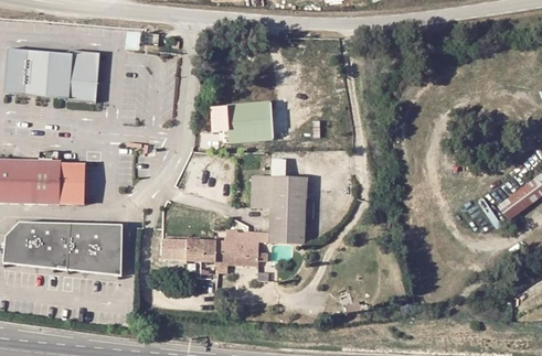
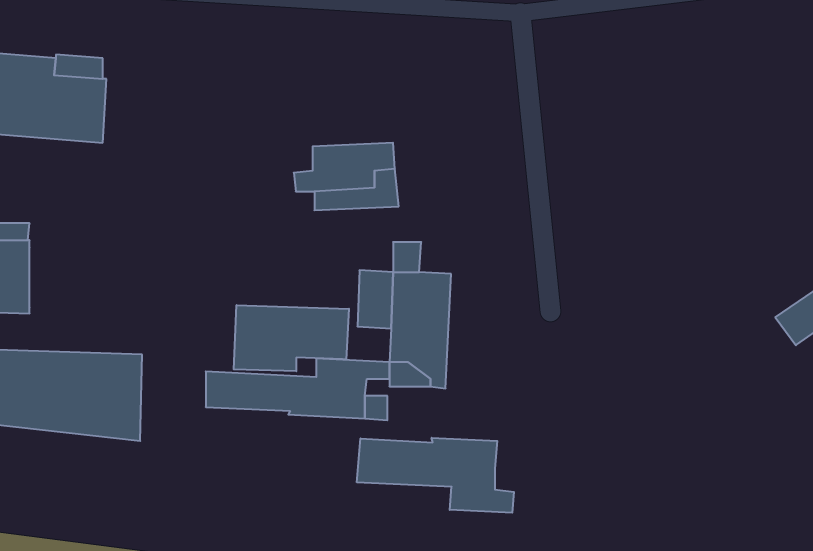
building: [56,163,78,199] -> none
building: none -> [234,305,349,371]
building: none -> [357,438,514,513]

